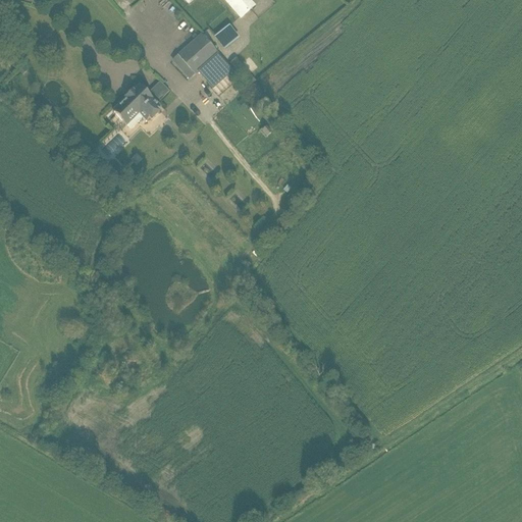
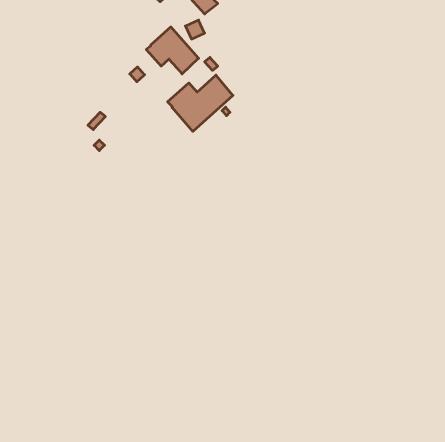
building: [113,85,160,125] -> none
building: none -> [168,75,233,131]

